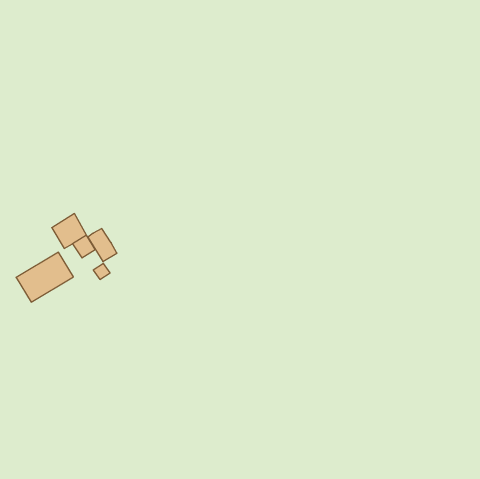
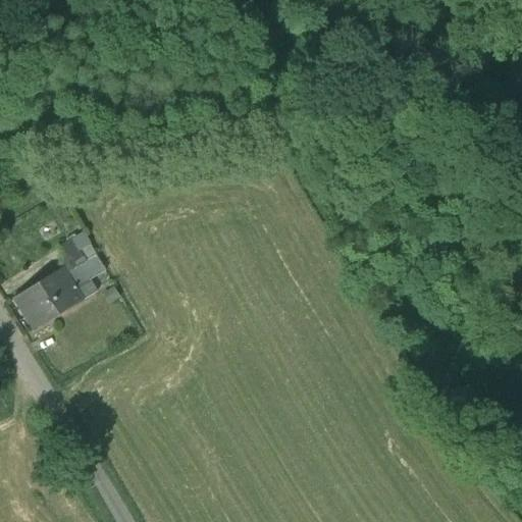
building: [88,229,117,262] -> [63,264,95,300]

